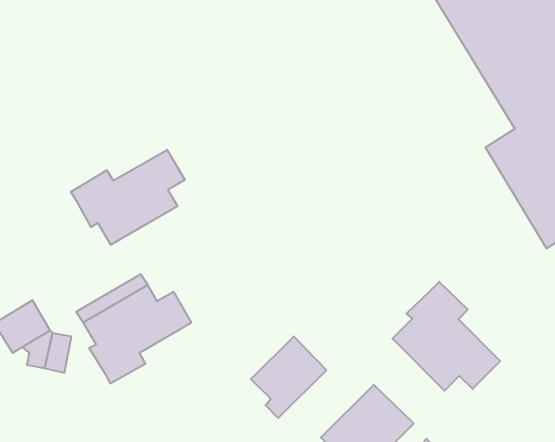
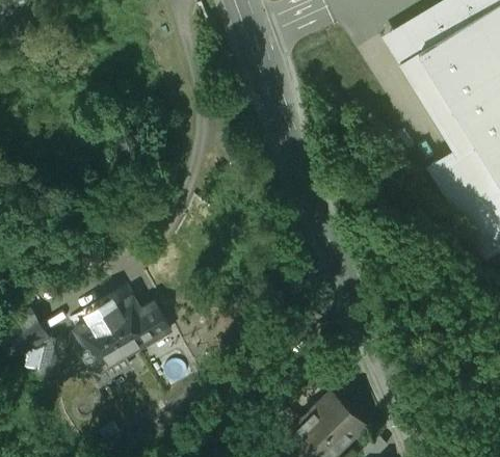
building: [71,150,185,245] -> none
building: [392,282,500,391] -> none
building: [251,336,326,418] -> none

